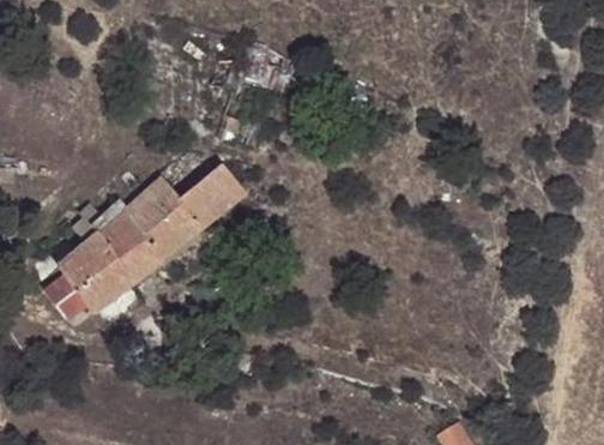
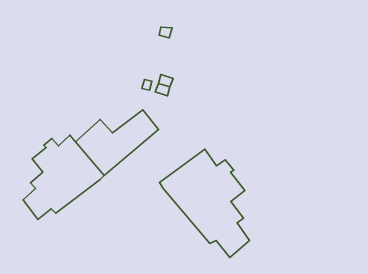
building: none -> [159,149,250,258]

